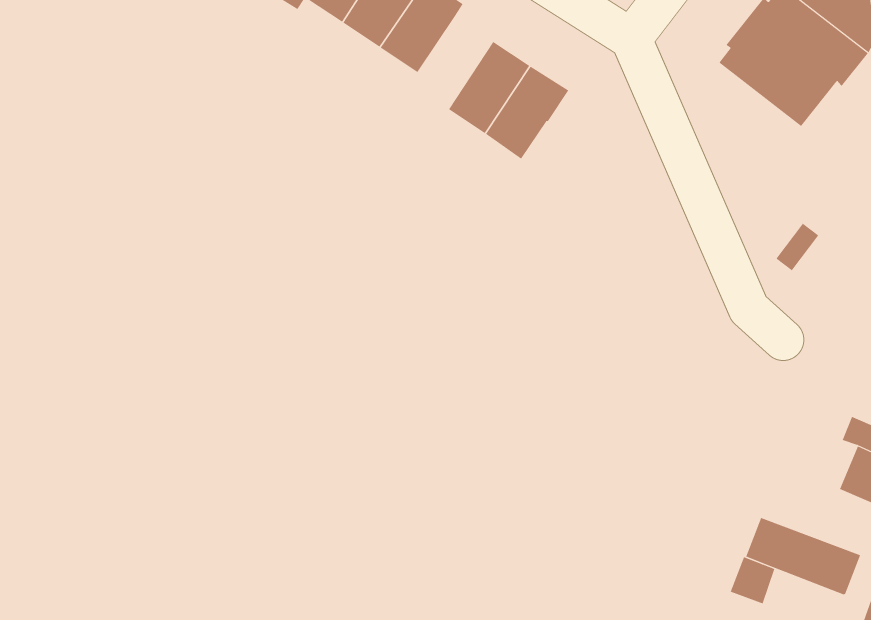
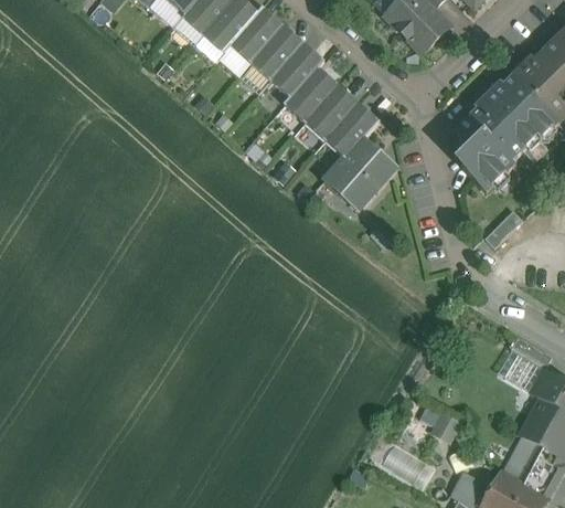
building: none -> [285,67,338,121]
building: none -> [457,116,516,192]
building: none -> [328,137,396,209]
building: [745,517,861,595] -> none

